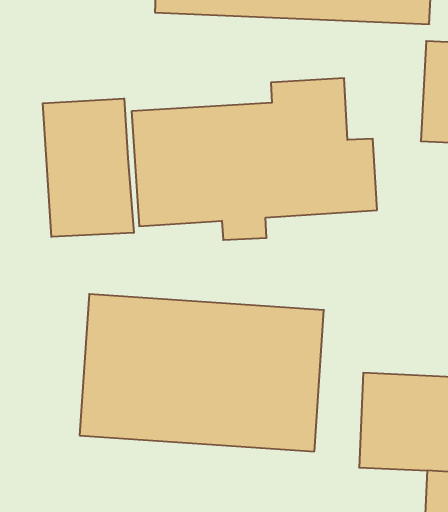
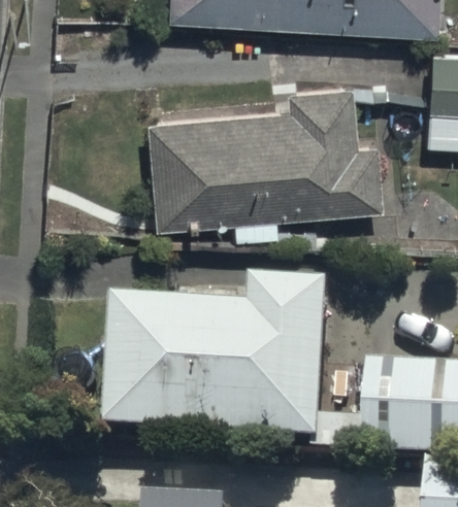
building: [43,98,134,237] -> none

